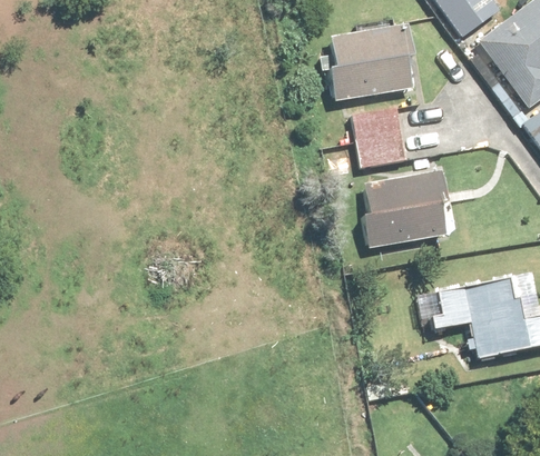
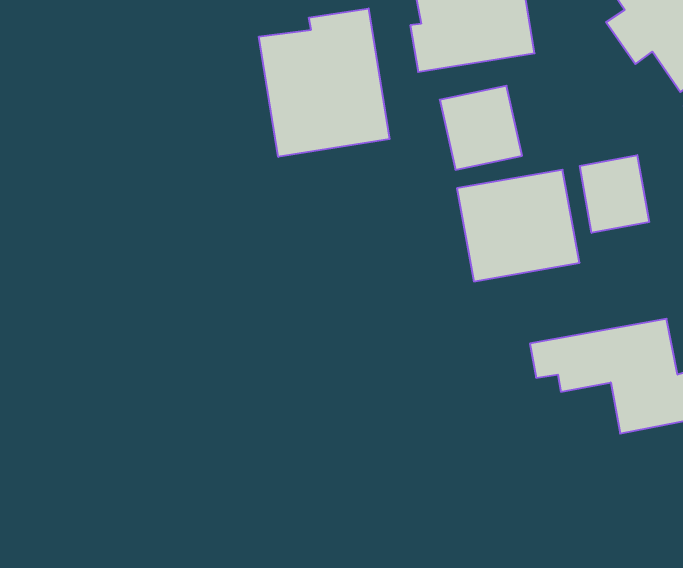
building: none -> [259,8,390,157]
building: none -> [580,155,649,233]

